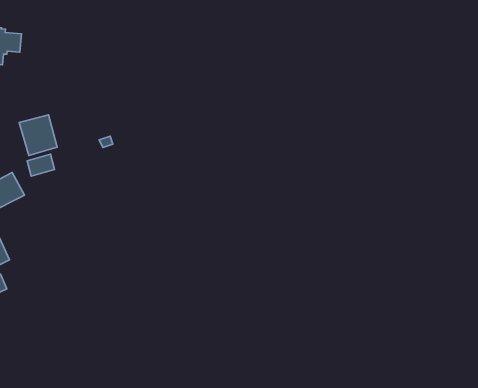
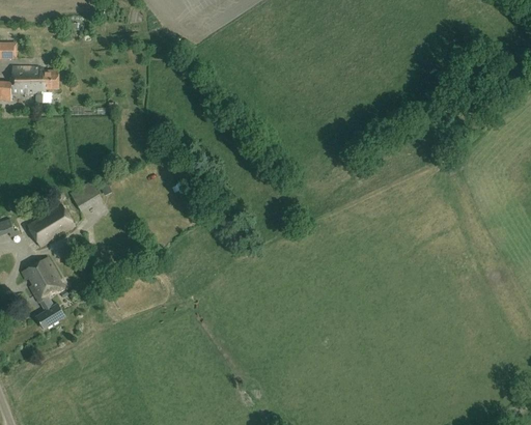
building: [19,115,57,156] -> none

